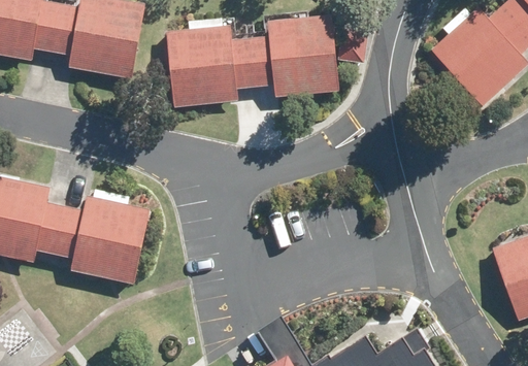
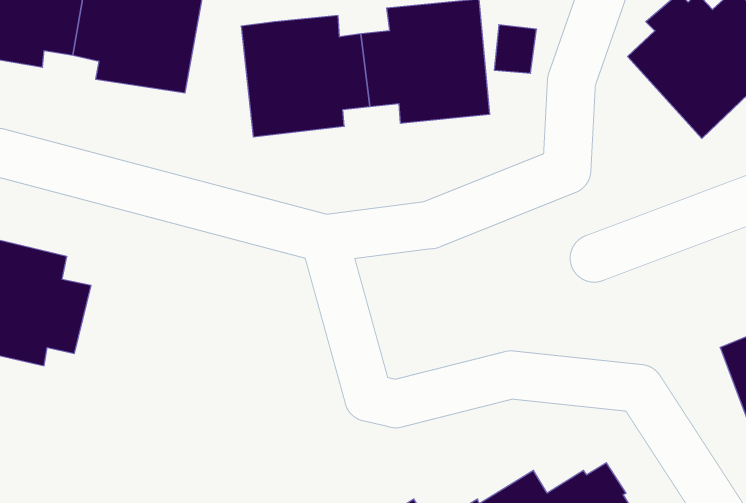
building: [54,198,147,285] -> none

